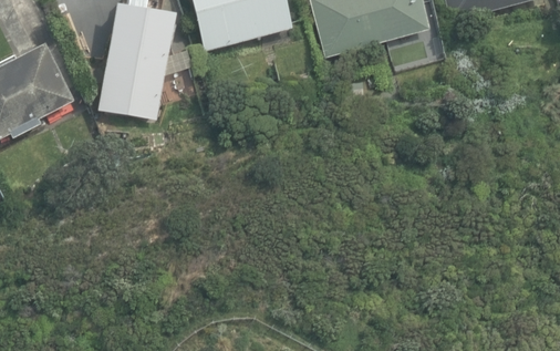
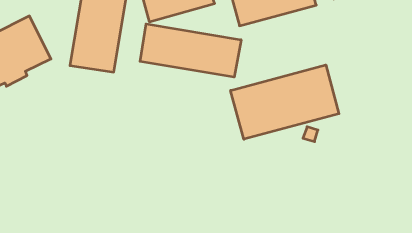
building: none -> [140,24,241,77]
building: none -> [231,65,339,139]

